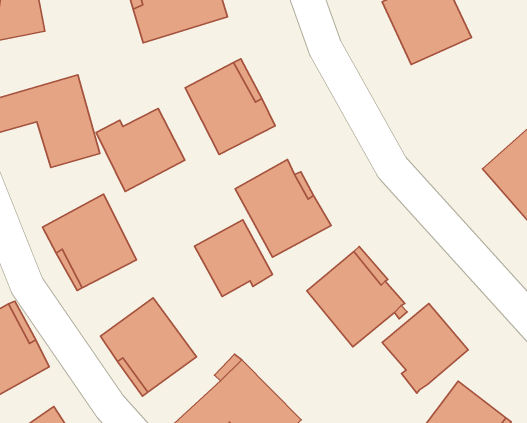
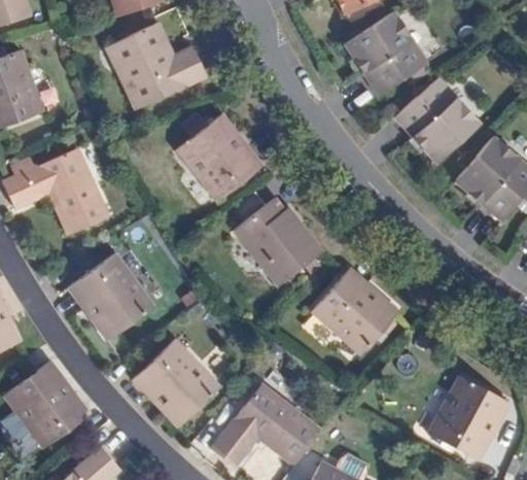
building: none -> [392,75,481,164]
building: [96,109,185,191] -> none
building: [194,220,272,297] -> none
building: [382,304,468,393] -> none

